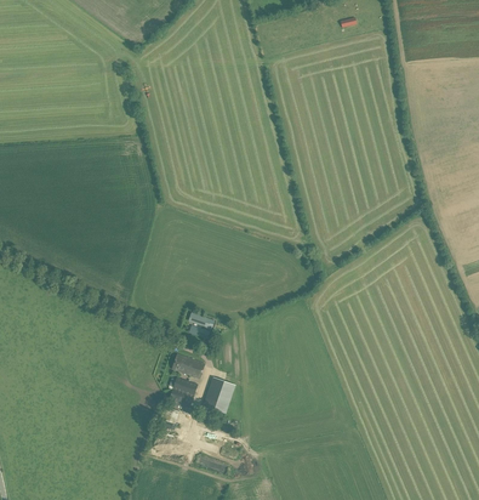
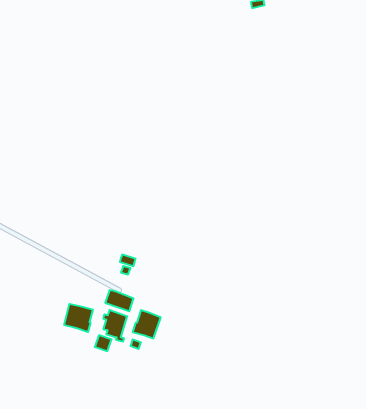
building: none -> [64,304,93,332]

